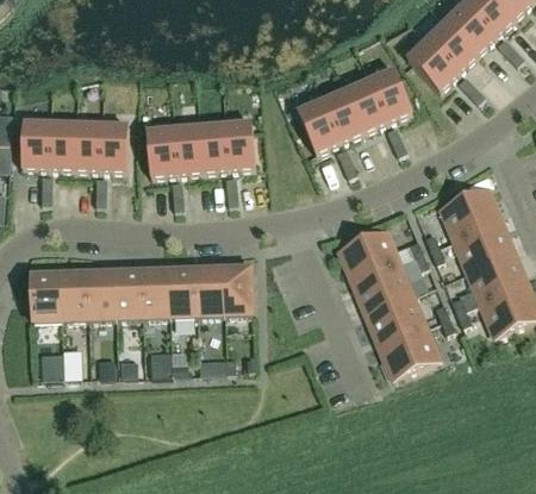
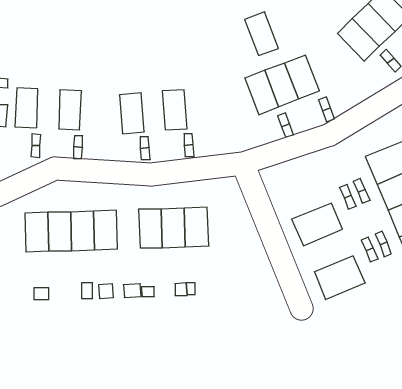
building: [368,71,409,124] -> [245,12,278,55]
building: [223,120,251,169] -> none
building: [46,121,74,169] -> none
building: [98,124,125,170] -> none
building: [172,124,200,173] -> none
building: [338,225,399,277] -> none
building: [142,265,170,313] -> none
building: [366,289,425,340] -> none

